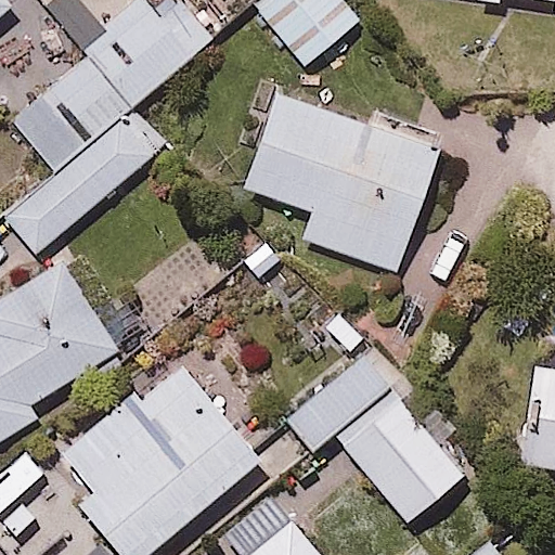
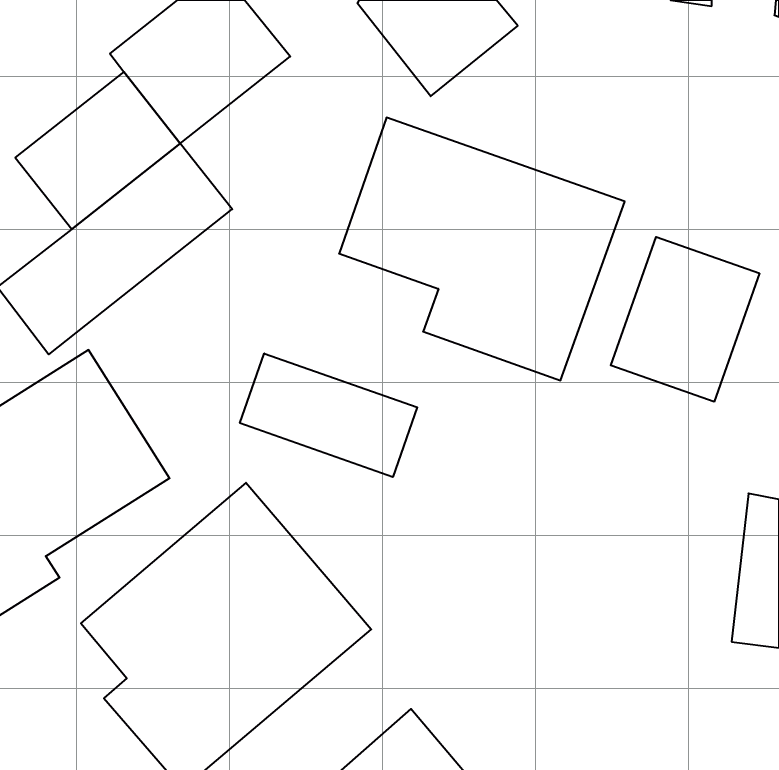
building: none -> [611,237,759,402]
building: none -> [240,353,417,477]
building: [283,347,469,522] -> none

